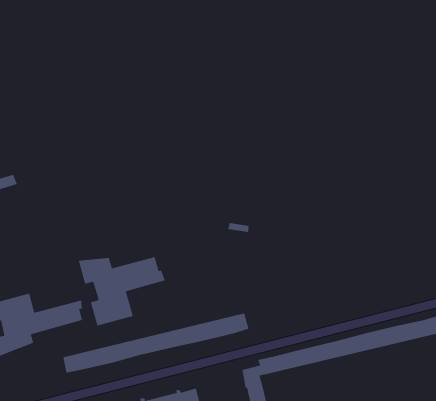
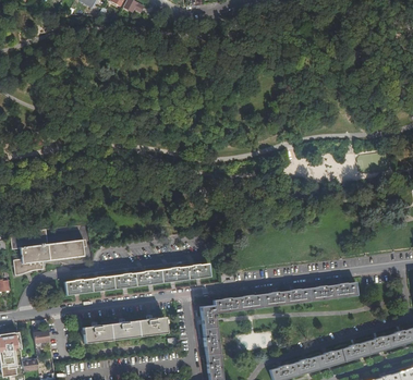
building: [78,256,166,326] -> none

